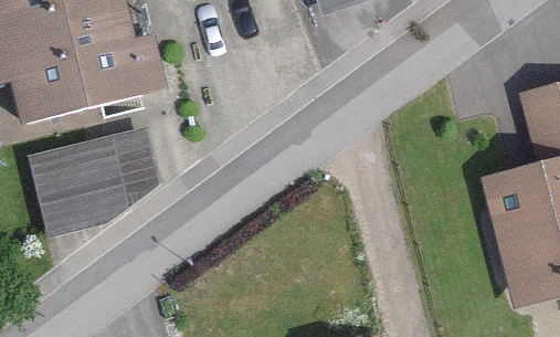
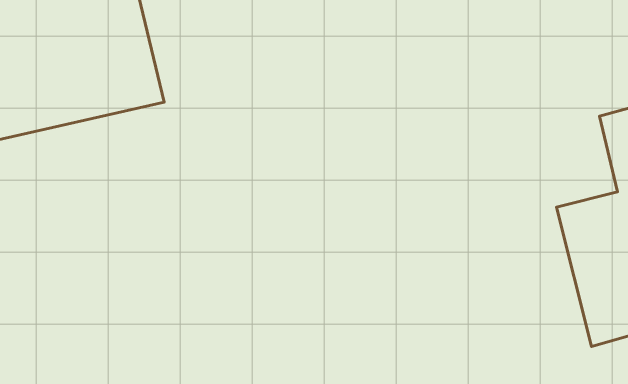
building: [29,129,154,242] -> none

